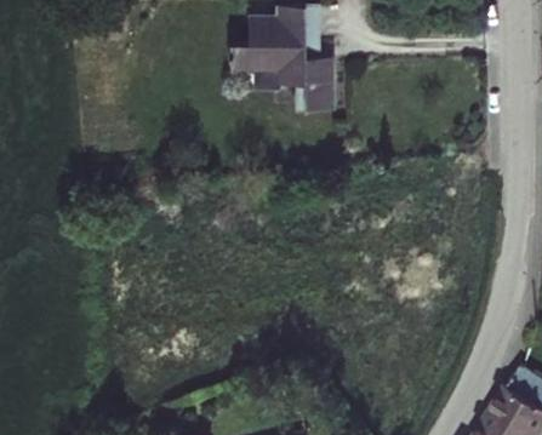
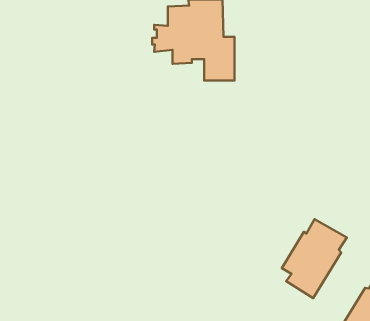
building: none -> [282,219,347,298]

